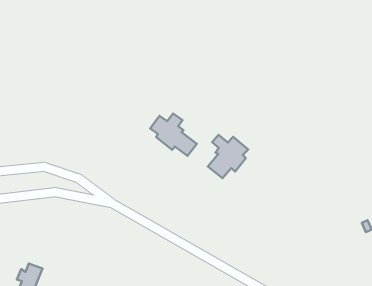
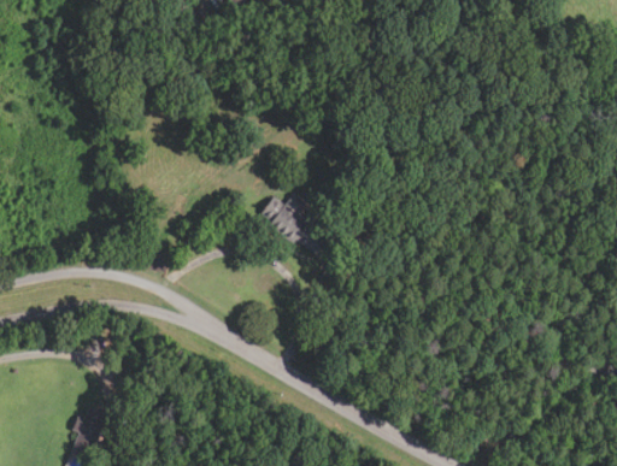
building: [208,135,248,178] -> none

